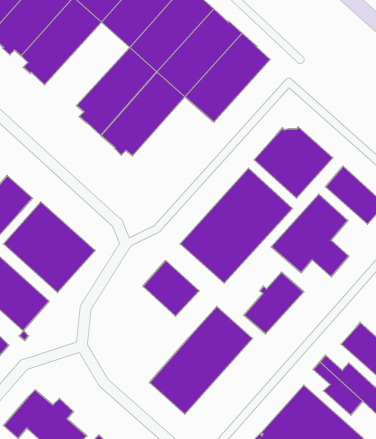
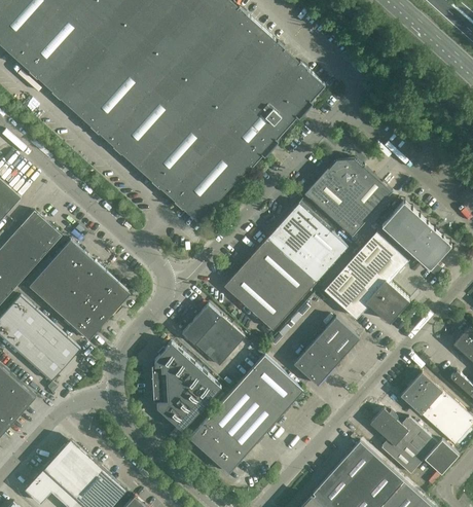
building: none -> [74,42,168,134]
building: none -> [171,124,260,220]
building: none -> [154,341,220,430]

